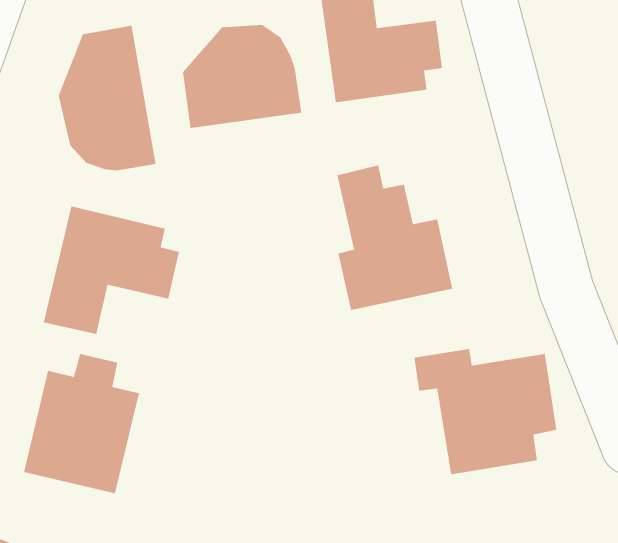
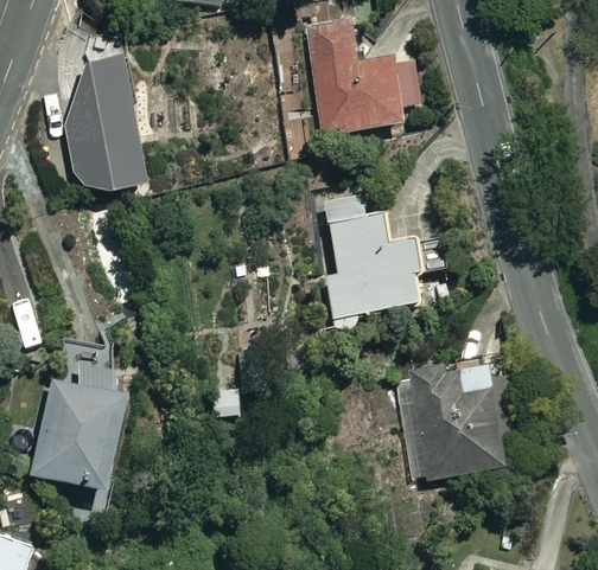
building: [182,24,302,129] -> none
building: [43,205,180,335] -> none

